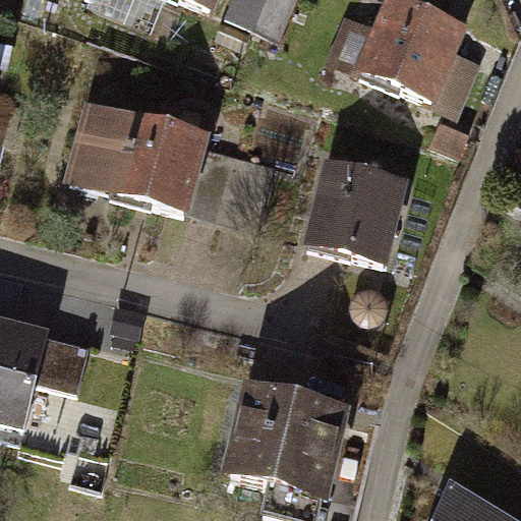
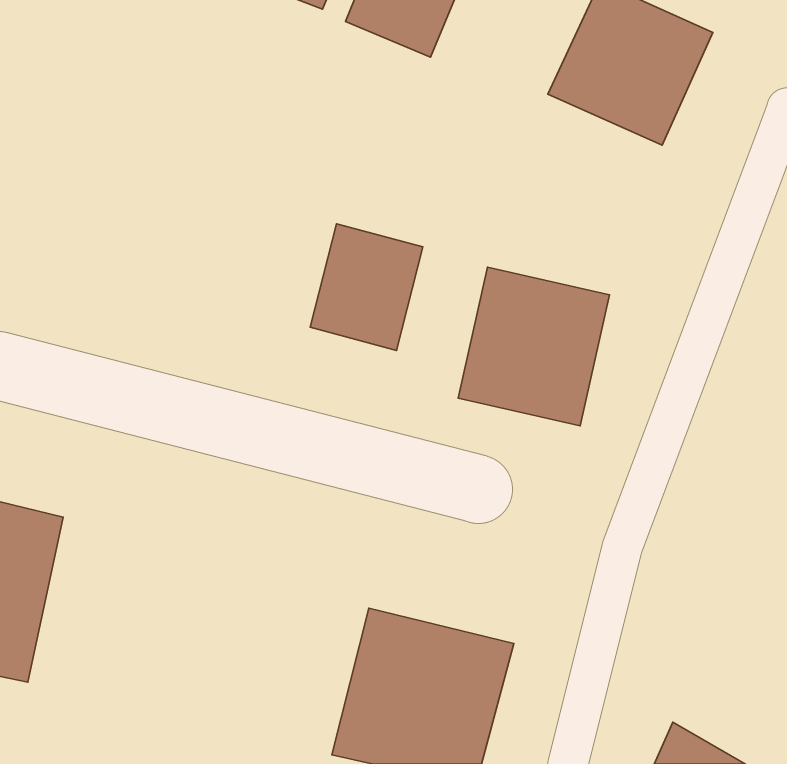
building: [62,112,211,230] -> none

